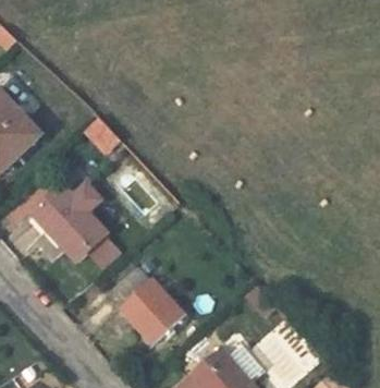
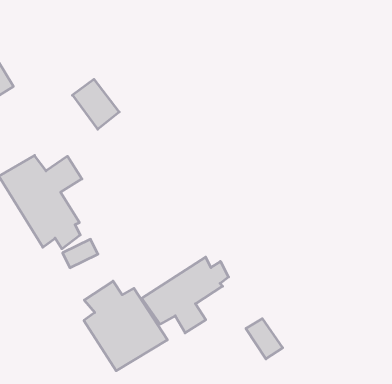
building: none -> [142,257,229,333]

